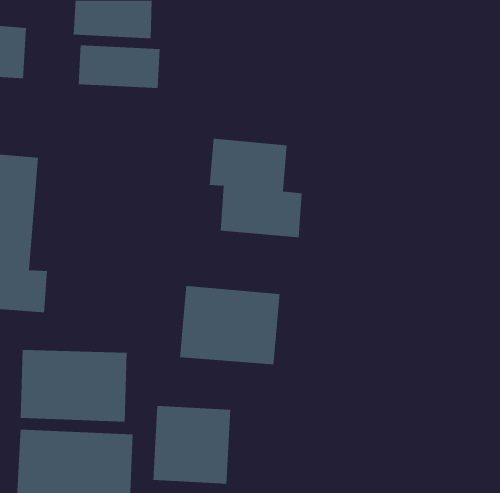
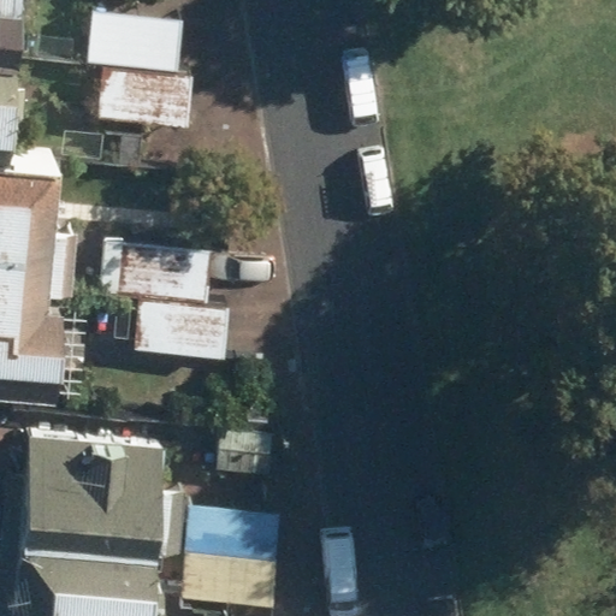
building: [209,138,303,238] -> [119,241,232,361]
building: [179,285,280,365] -> none

